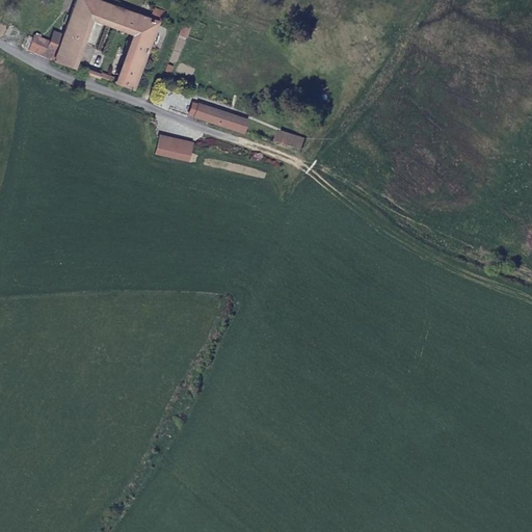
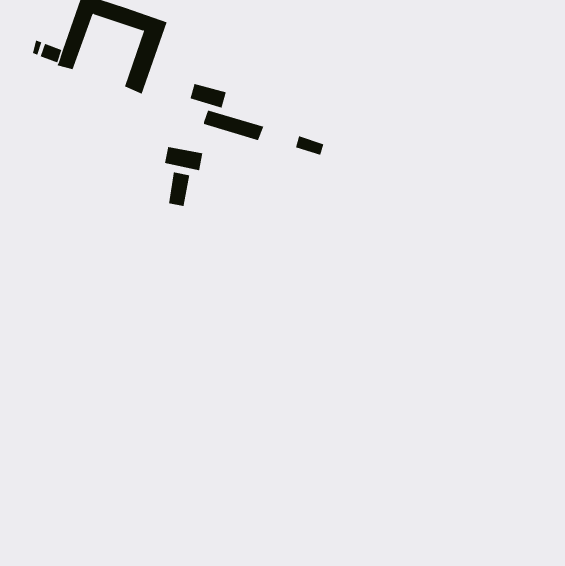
building: none -> [190,83,227,108]
building: none -> [168,172,190,207]

